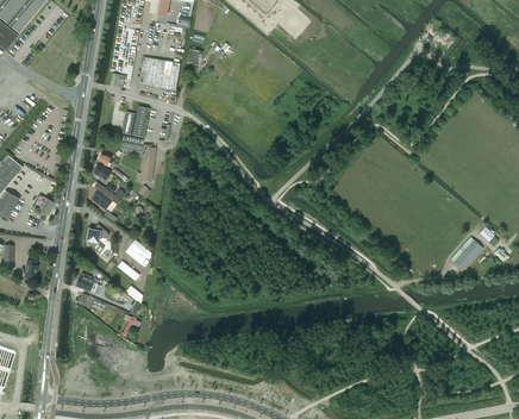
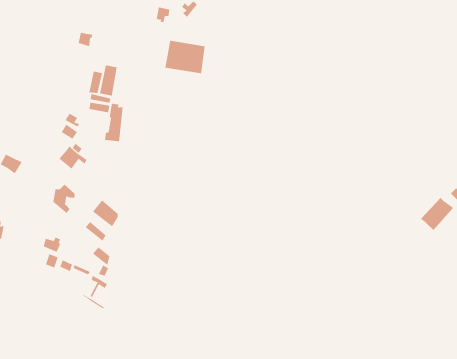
building: [138,58,179,92] -> [165,40,205,74]

